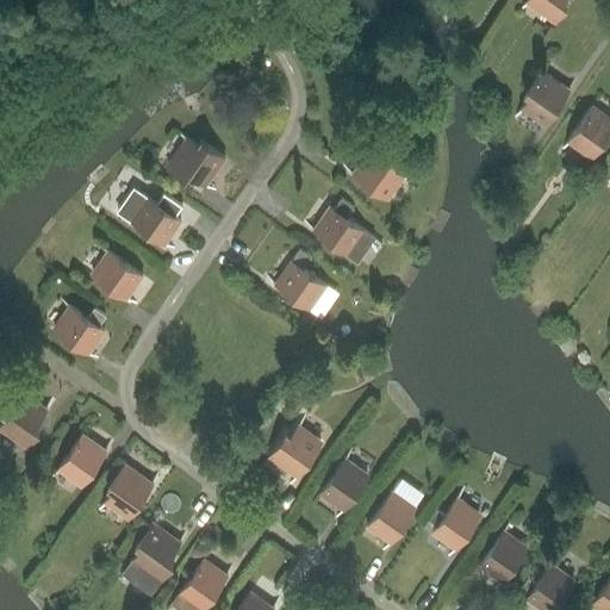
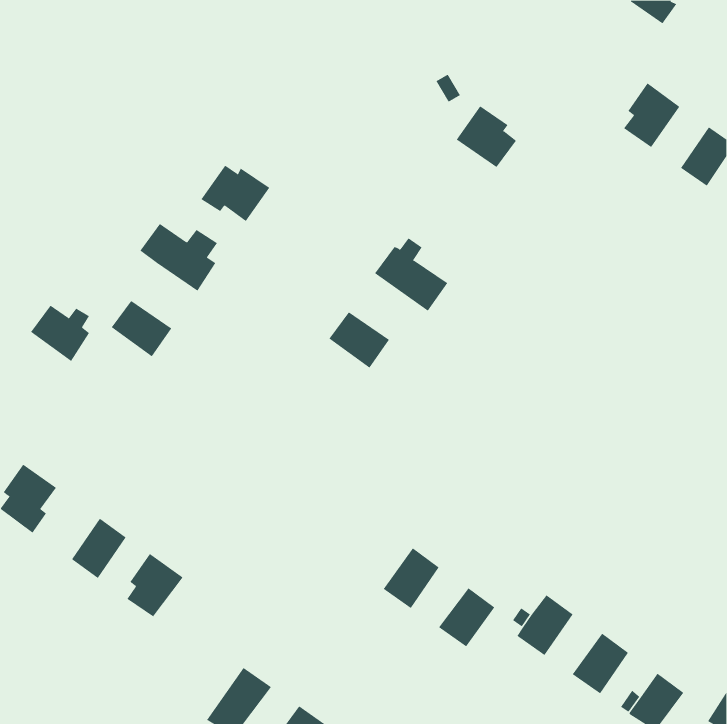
building: [353,148,404,200] -> [456,105,517,168]
building: [55,309,105,356] -> [30,305,90,362]
building: [269,428,322,479] -> none
building: [124,524,181,596] -> none

